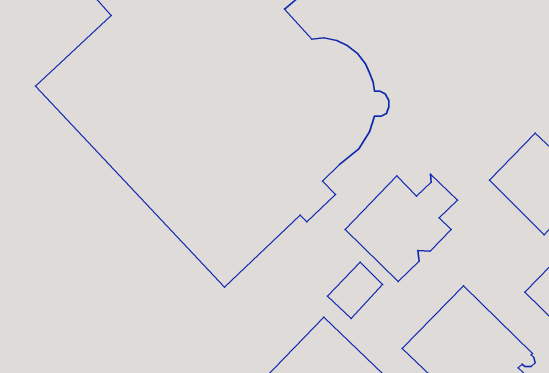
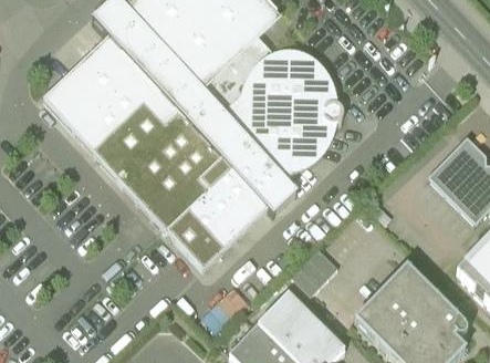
building: [345,174,458,282] -> none

